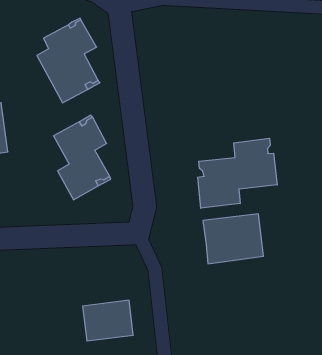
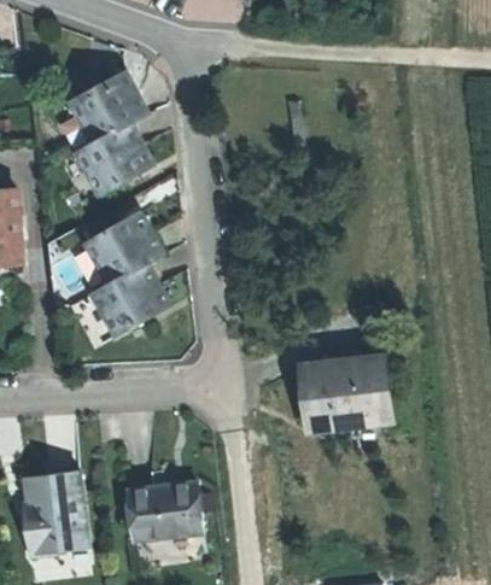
building: [198,138,277,208] -> none
building: none -> [34,470,97,554]

